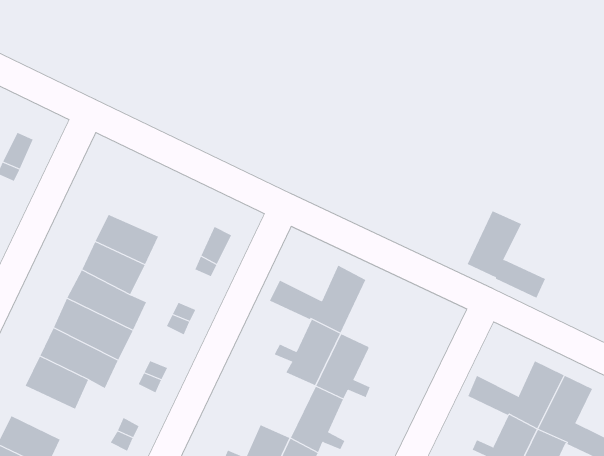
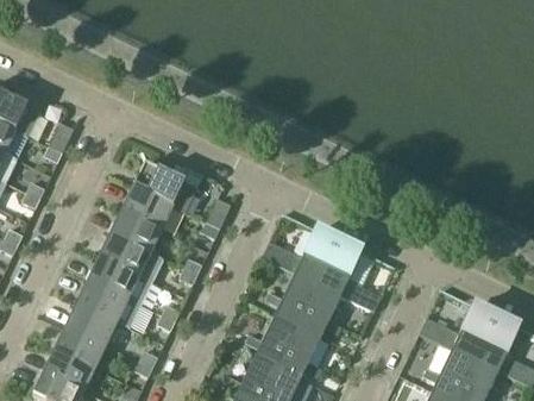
building: none -> [131,164,201,215]
building: [467,210,546,298] -> [316,243,379,313]
building: none -> [243,317,296,369]
building: none -> [54,327,105,370]

